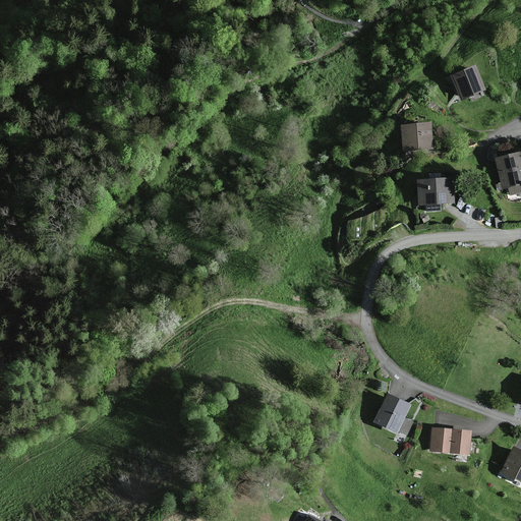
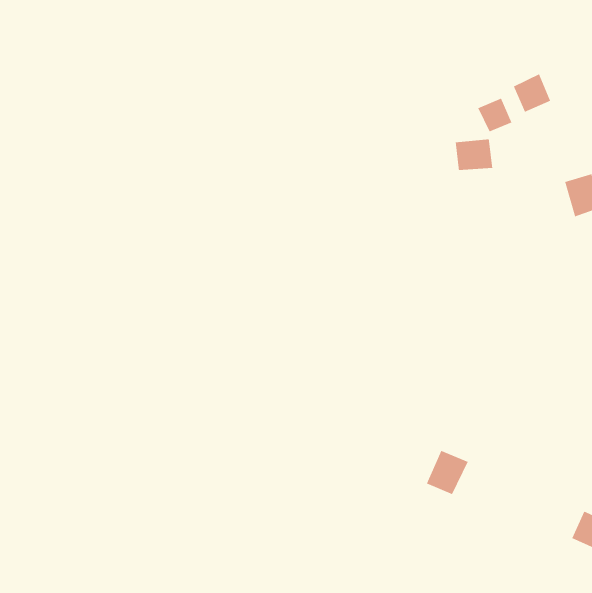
building: none -> [477,97,513,133]
building: [416,177,456,206] -> none
building: [429,428,471,455] -> none

